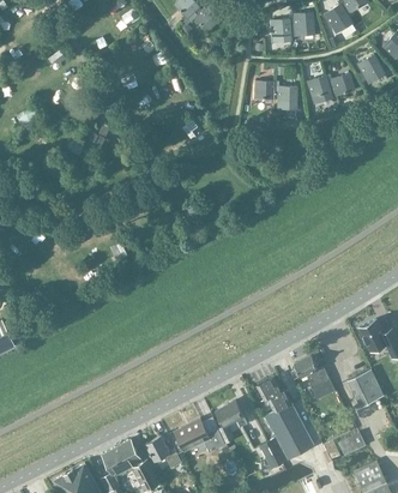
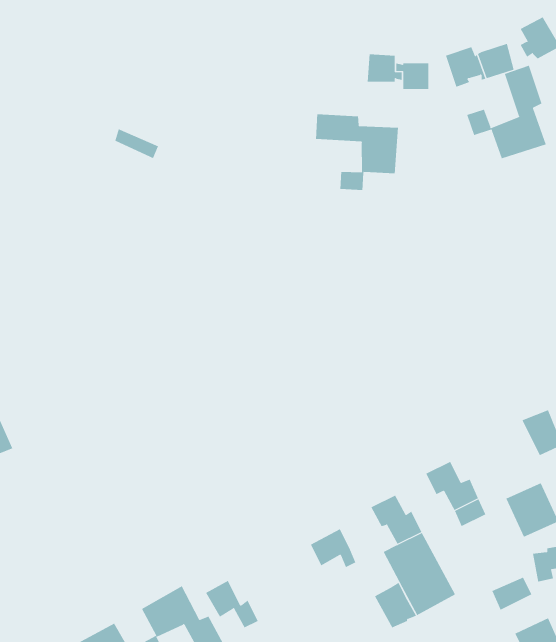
building: none -> [466,65,547,159]
building: none -> [315,113,399,191]
building: [174,419,225,452] -> none

